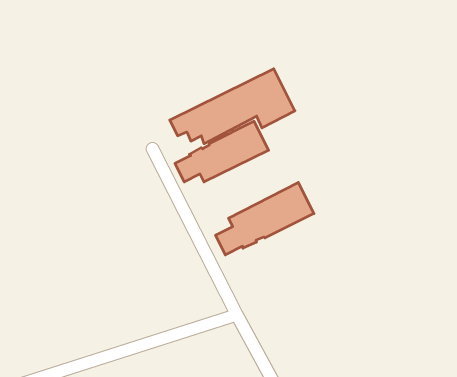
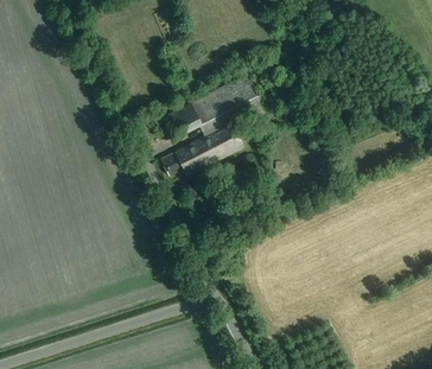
building: [216,182,314,255] -> none

